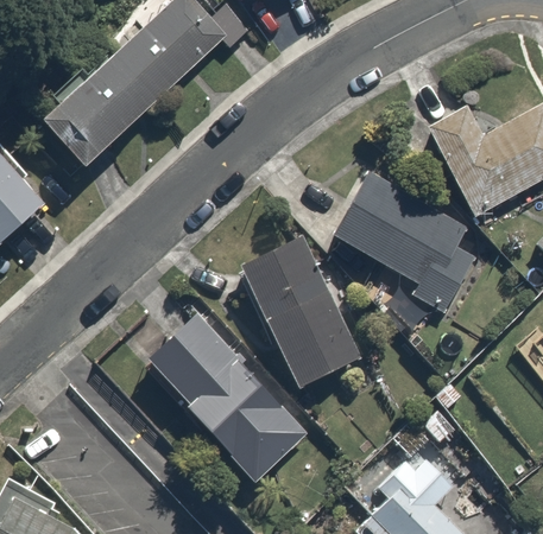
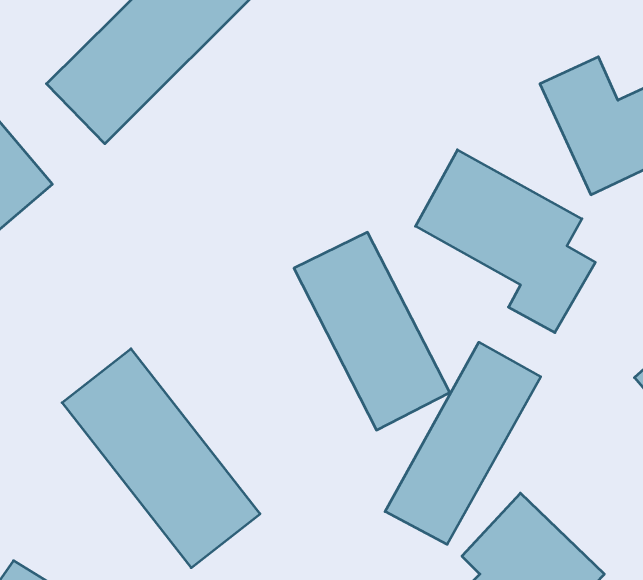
building: [146,307,303,481] -> [62,349,260,568]
building: none -> [385,342,541,544]

